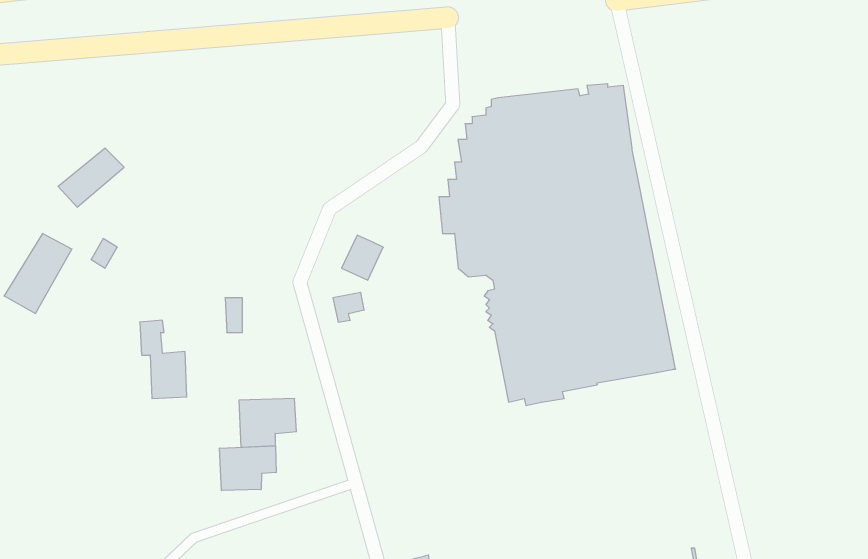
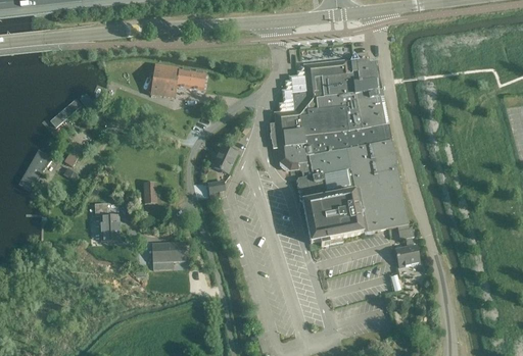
building: none -> [150,65,206,98]
building: none -> [396,224,420,267]
building: [220,446,276,491] -> none

